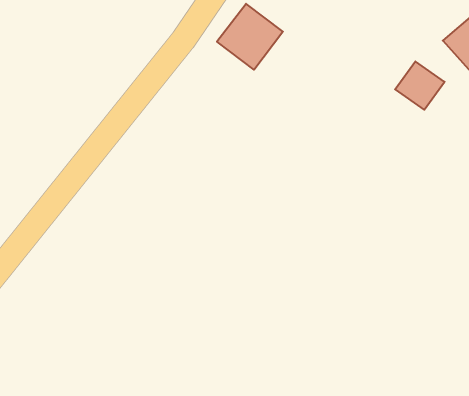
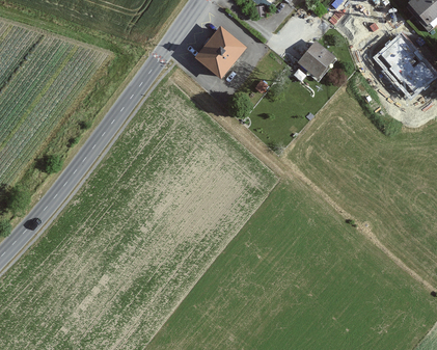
building: [395,61,445,110] -> [295,42,335,81]

